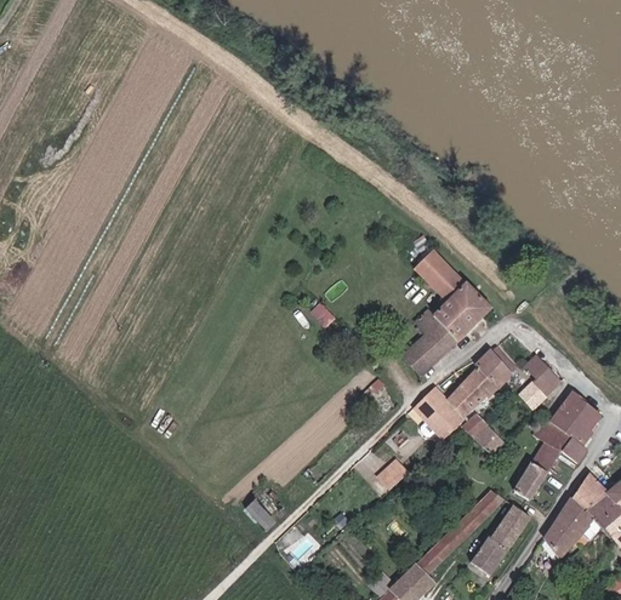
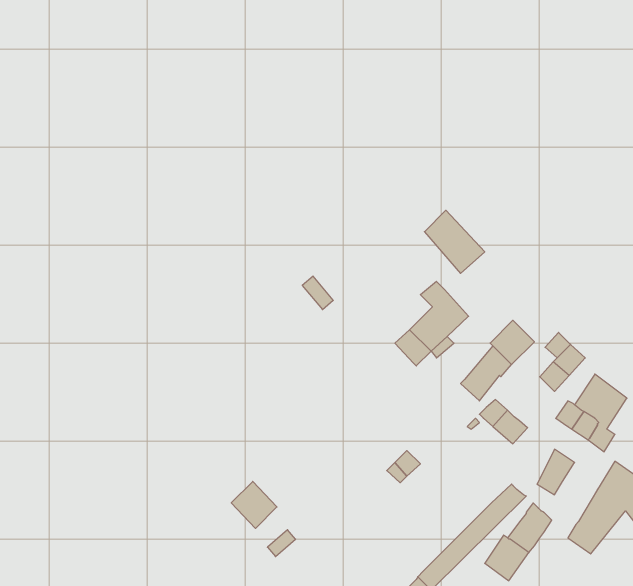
building: [432,281,490,339] -> none
building: [414,387,465,439] -> none
building: [531,439,562,472] -> none

